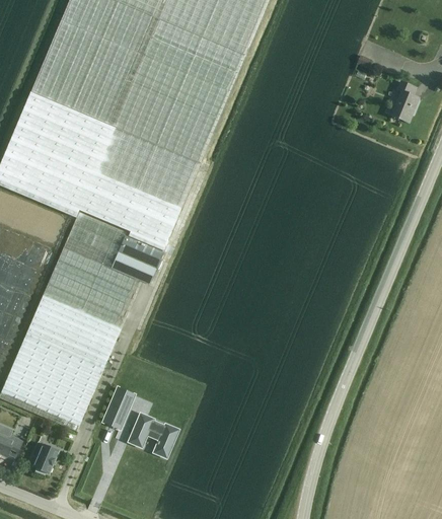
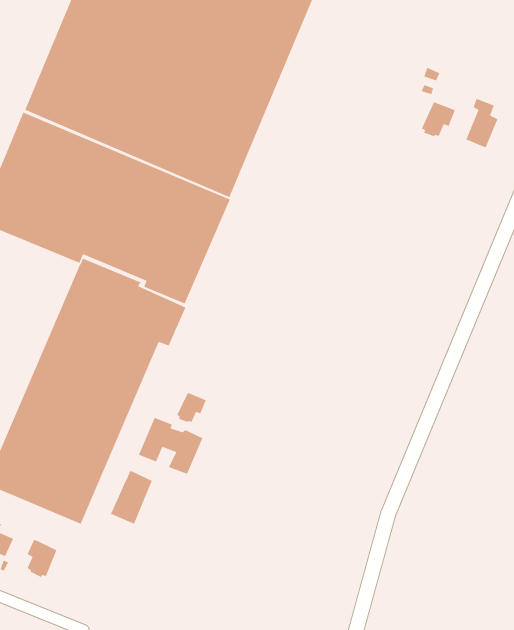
building: none -> [421,101,456,138]
building: none -> [176,392,207,423]
building: [127,411,180,458] -> [138,417,204,475]

